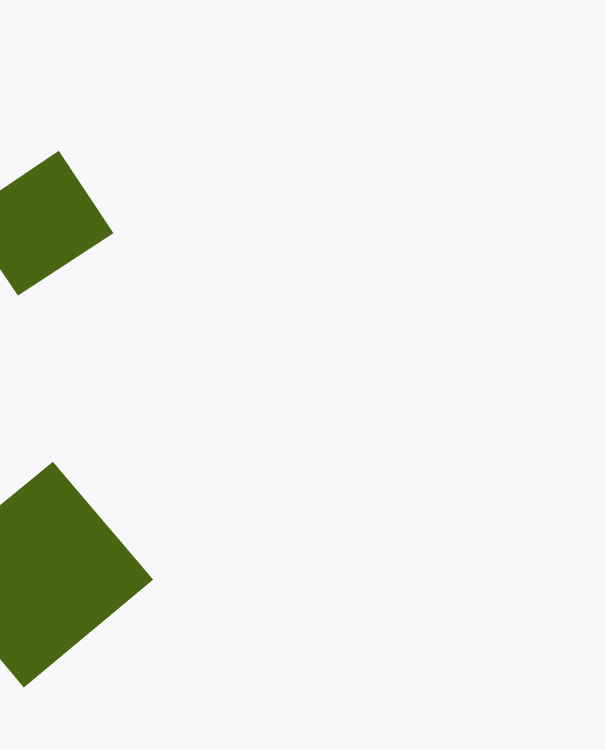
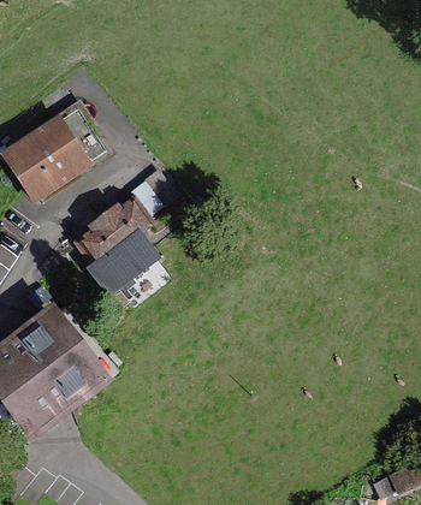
building: none -> [75,194,161,295]

